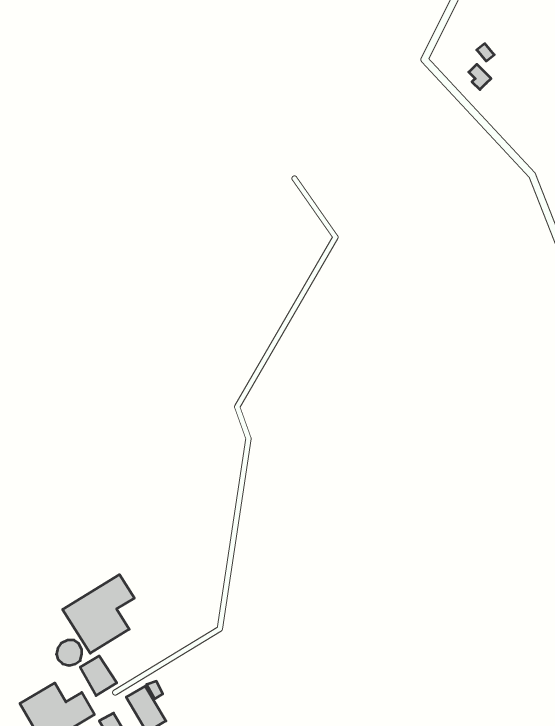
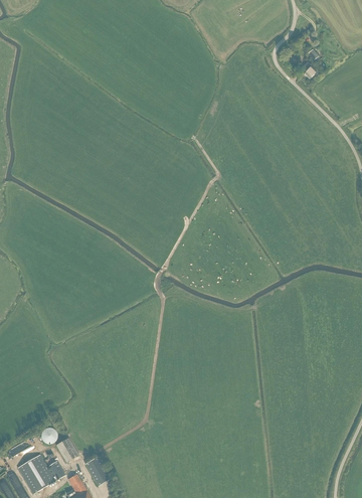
building: [63,575,134,653] -> none

